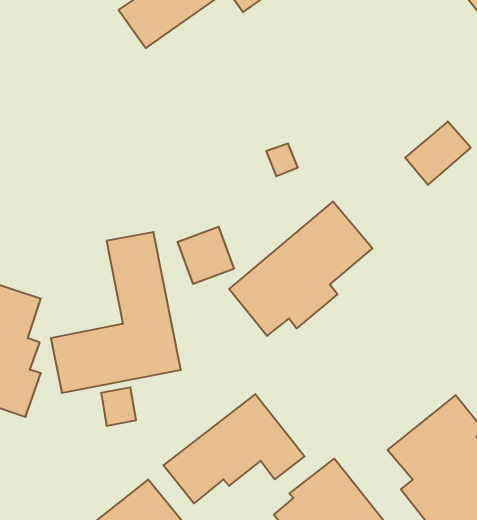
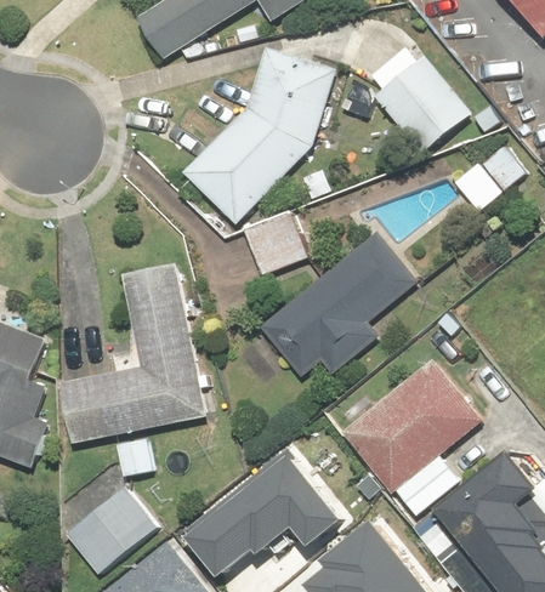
building: none -> [180,45,339,227]
building: none -> [368,56,470,152]
building: [177,227,234,284] -> [244,215,307,278]
building: none -> [341,360,483,517]
building: none -> [64,486,157,576]

